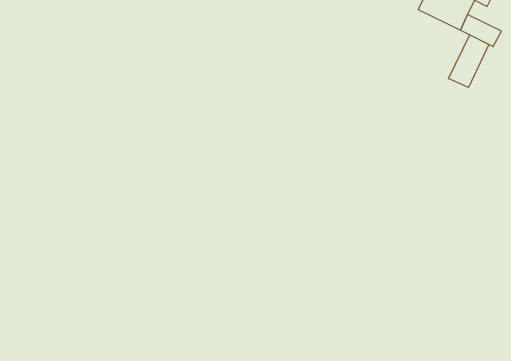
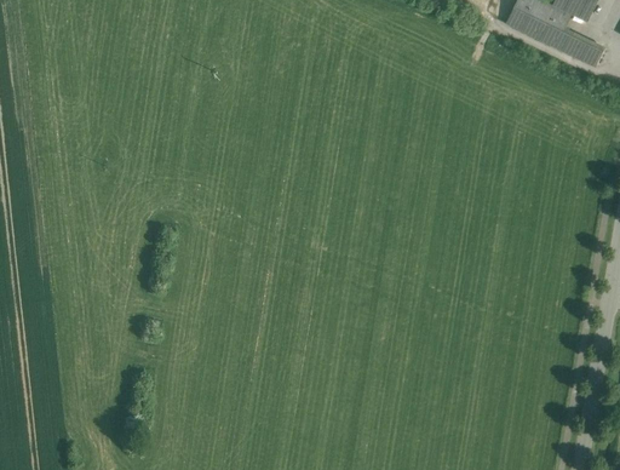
building: [448,35,489,87] -> none

